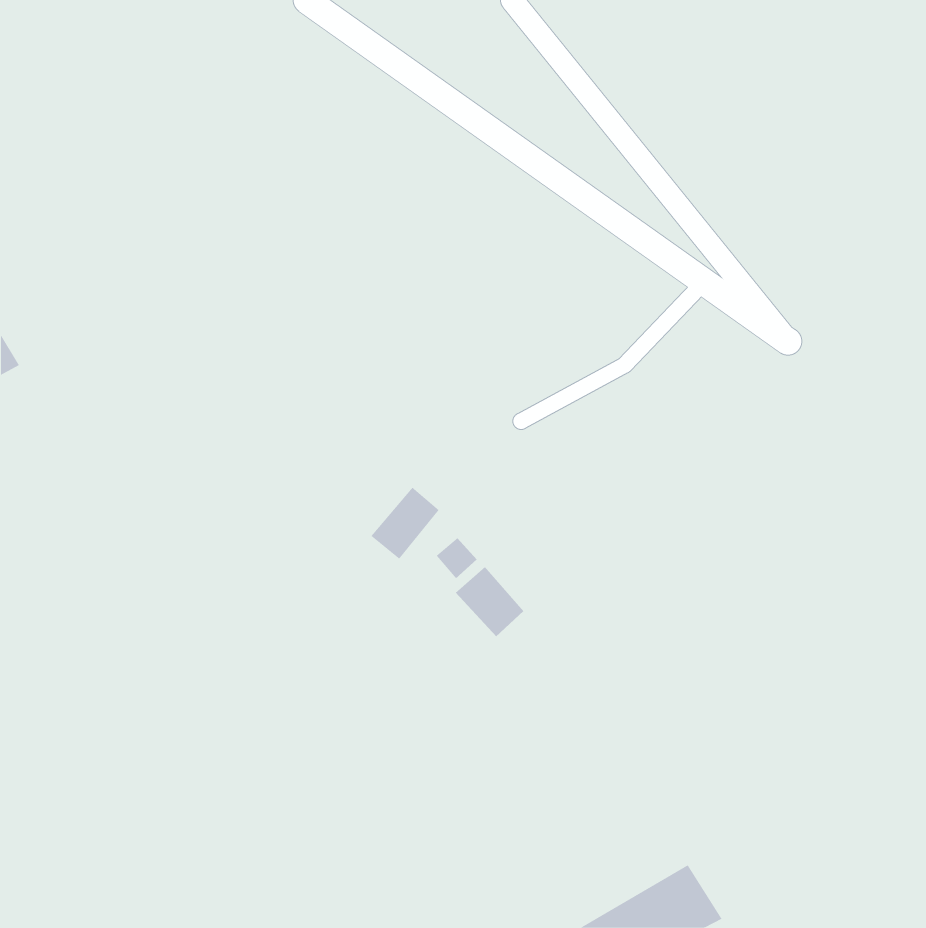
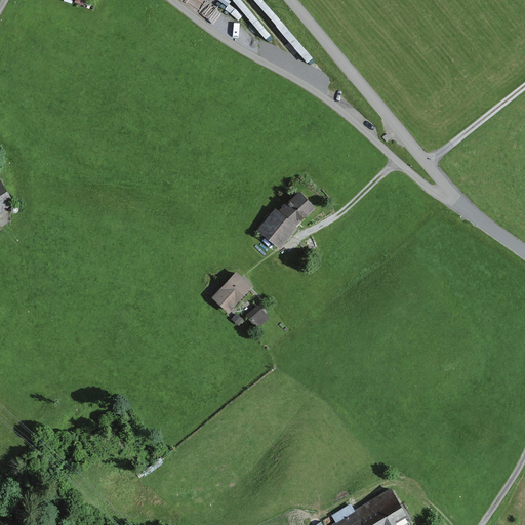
building: none -> [257,193,312,248]
building: [455,566,524,637] -> none

